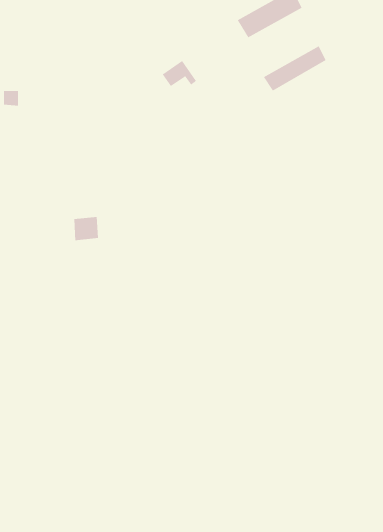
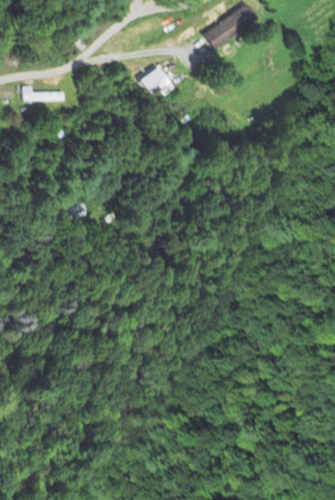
building: [263,45,327,91] -> none
building: none -> [24,88,64,102]

